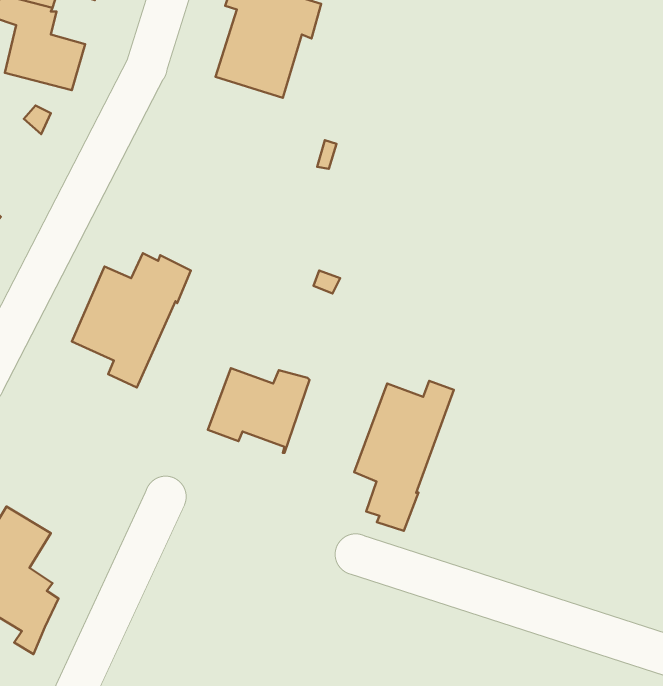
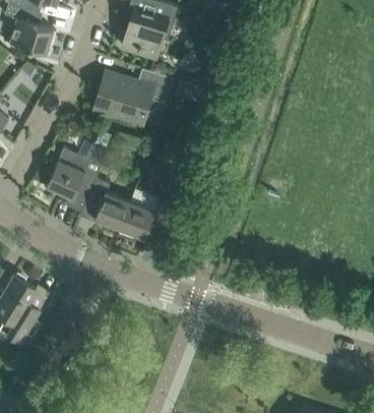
building: none -> [95,69,172,124]
building: none -> [80,177,130,234]
building: [354,381,454,531] -> none

